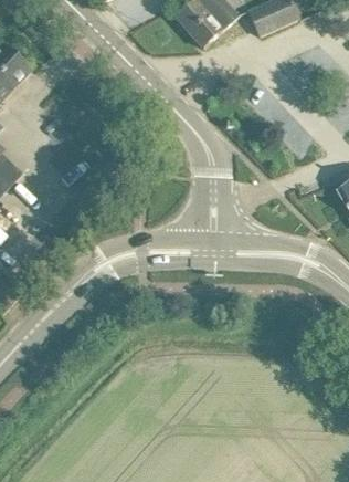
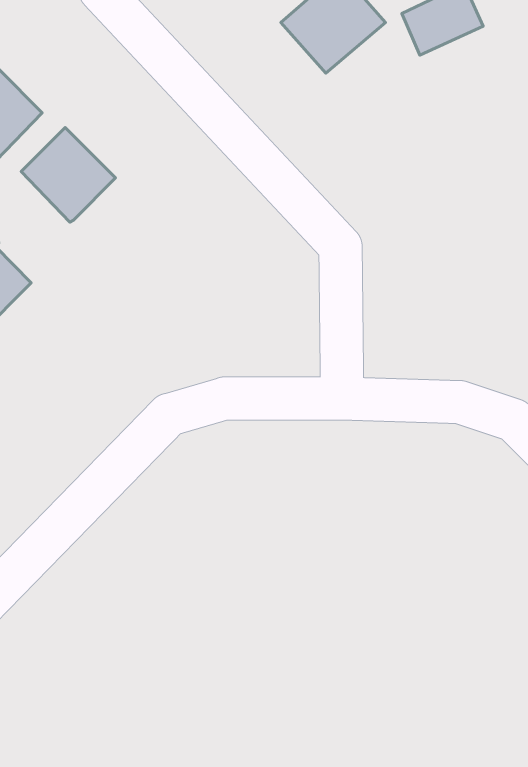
building: none -> [21,127,116,222]

